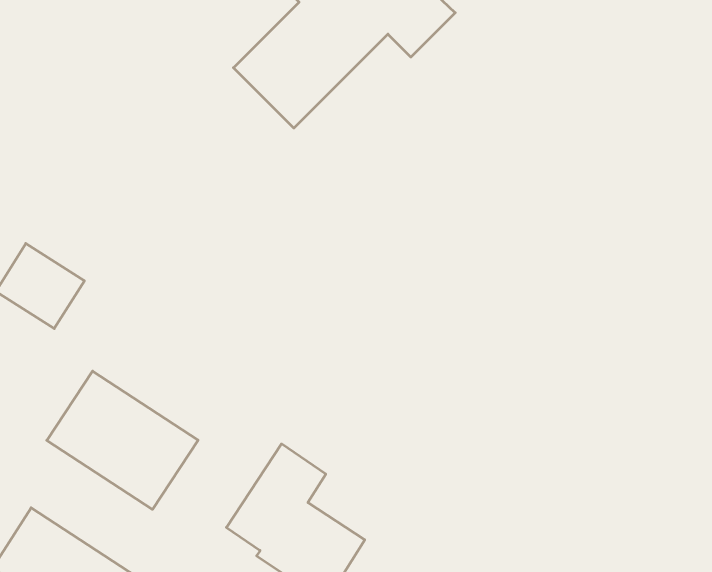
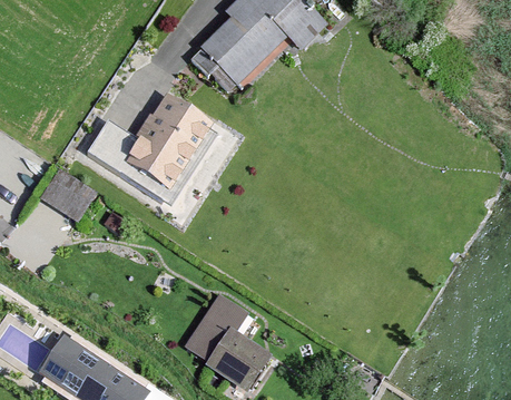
building: none -> [85,92,215,205]
building: [47,371,198,509] -> none

